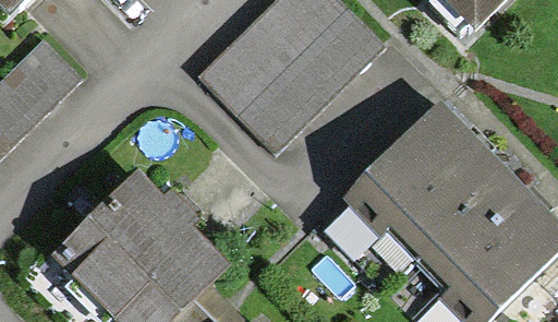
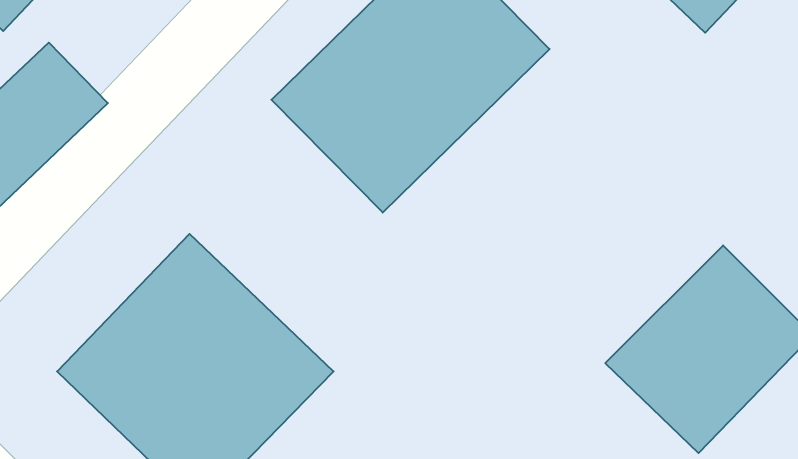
building: [353,112,493,252] -> none

